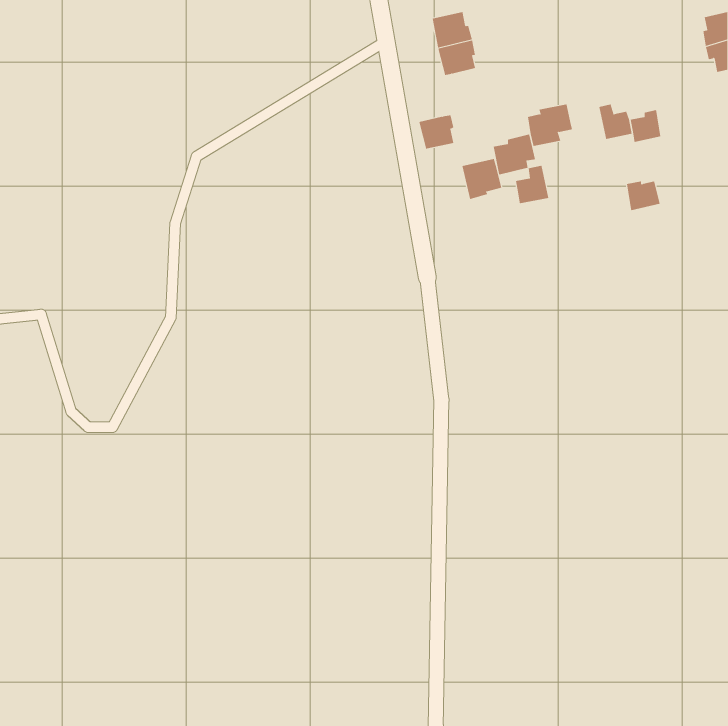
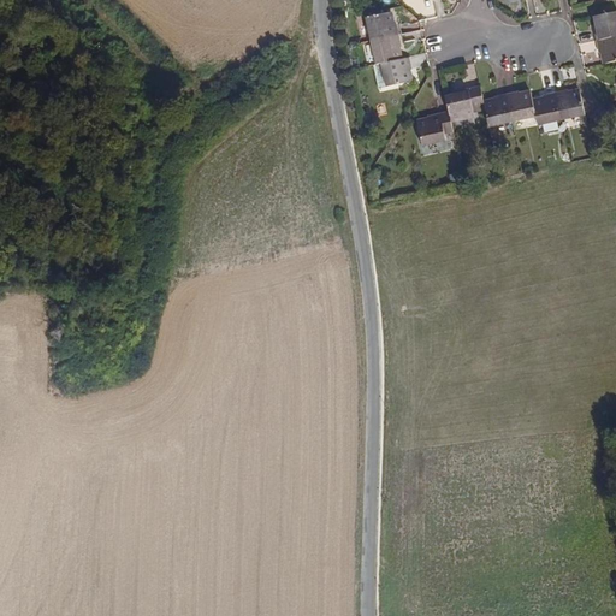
building: [418,115,454,149] -> [381,57,411,85]
building: [462,158,502,200] -> none
building: [515,165,549,204] -> [482,90,511,123]
building: [626,181,660,211] -> [555,90,584,116]

